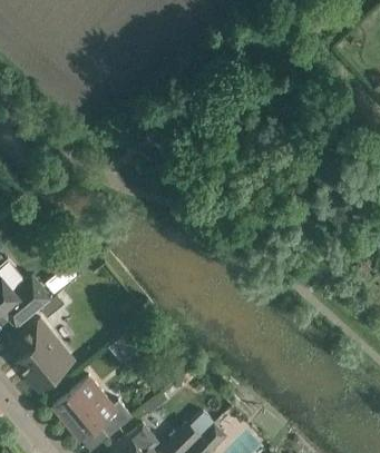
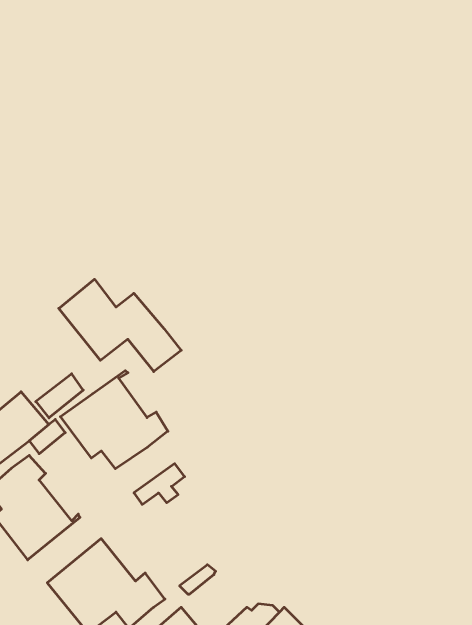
building: none -> [59,279,181,372]
building: none -> [60,371,168,469]

